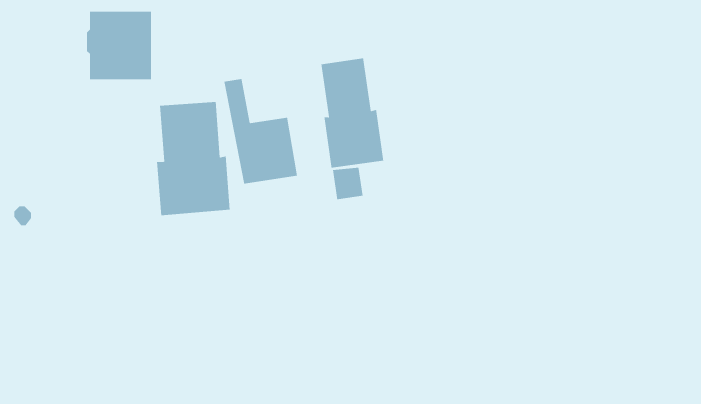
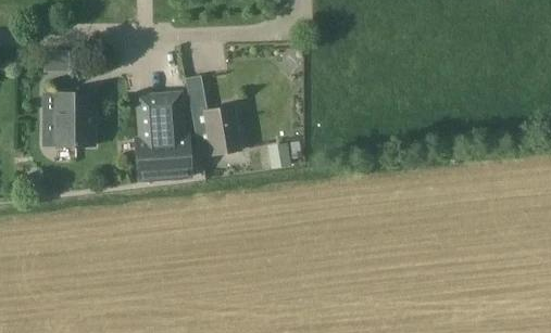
building: [86,11,152,80] -> [45,93,95,145]
building: [321,57,384,168] -> none

